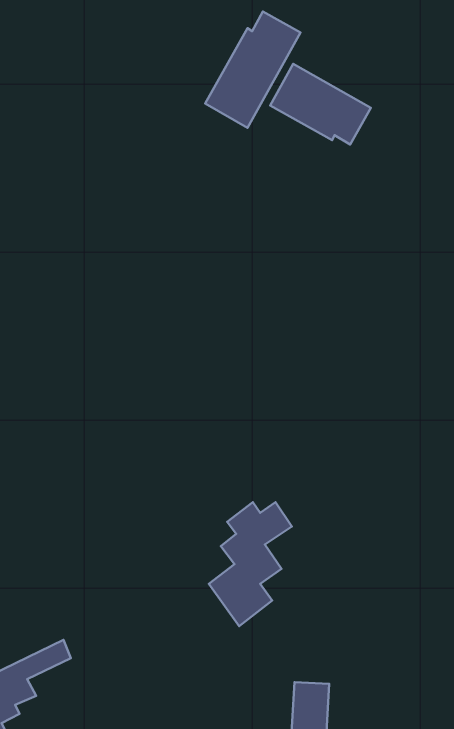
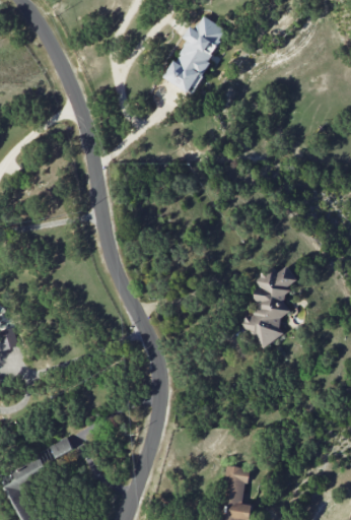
building: [270,64,371,144] -> none
building: [209,502,292,626] -> [242,266,298,349]

